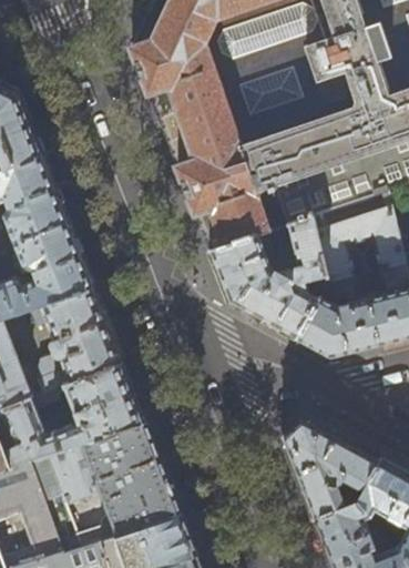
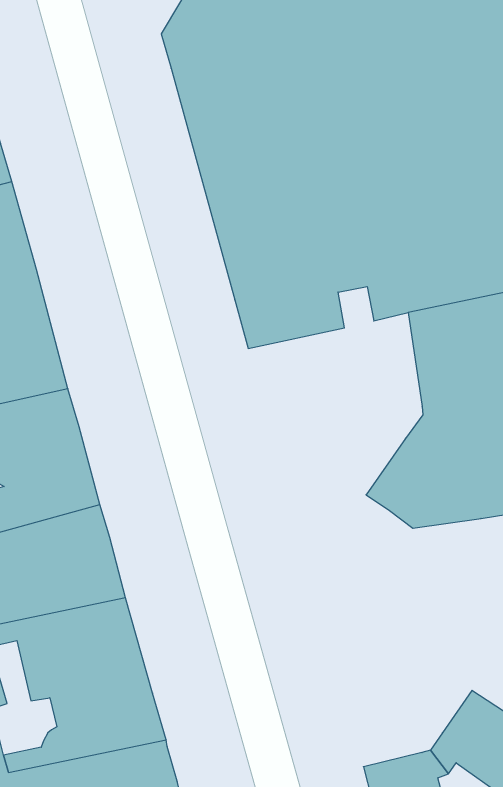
building: [208,215,327,338] -> none
building: [280,417,379,518] -> none

